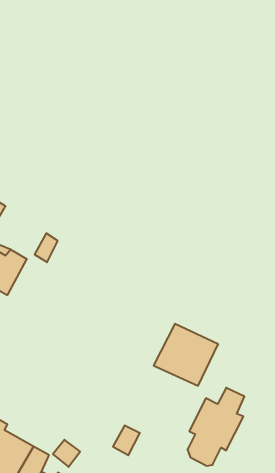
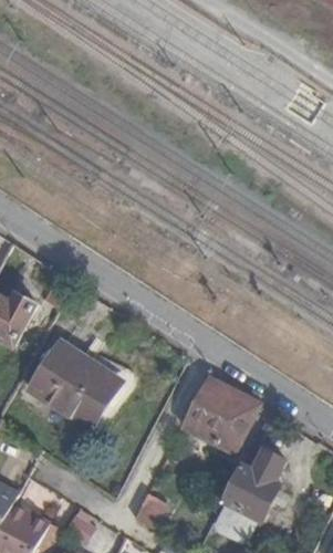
building: none -> [29,341,119,427]

